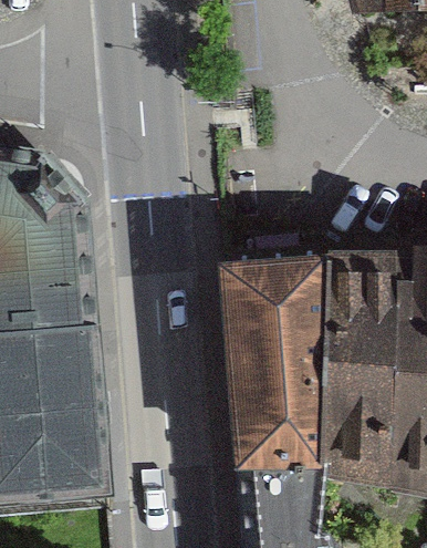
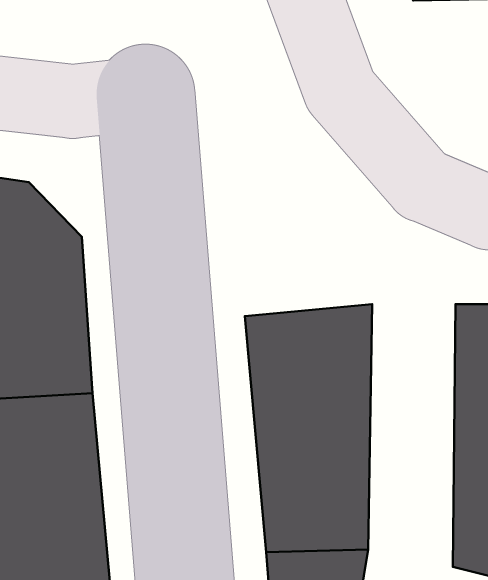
building: [323,260,396,479] -> none

